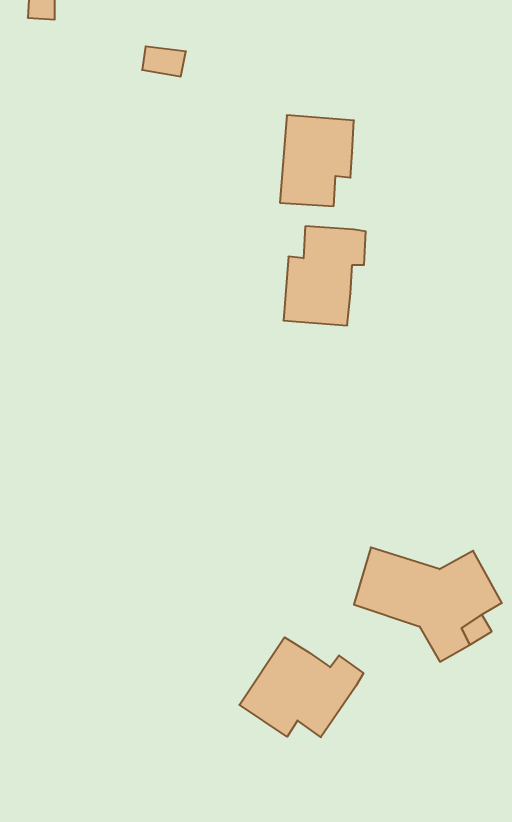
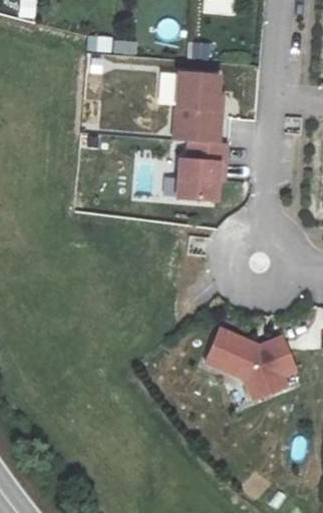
building: none -> [173,95,222,141]
building: [239,637,363,737] -> none

